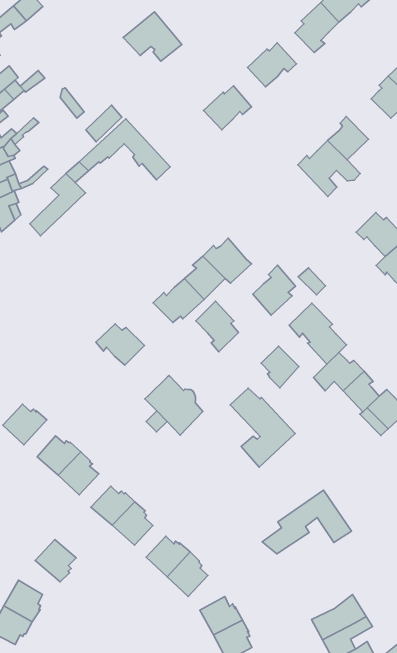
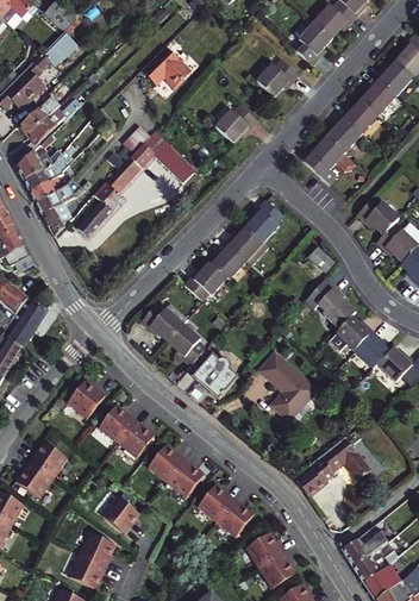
building: none -> [340,101,379,136]
building: [253,265,296,315] -> [248,202,283,245]
building: [196,301,238,352] -> [168,325,205,368]
building: [261,346,299,388] -> none

